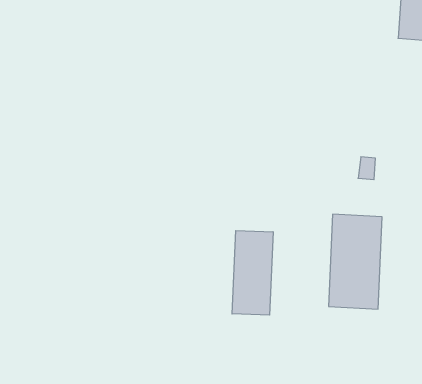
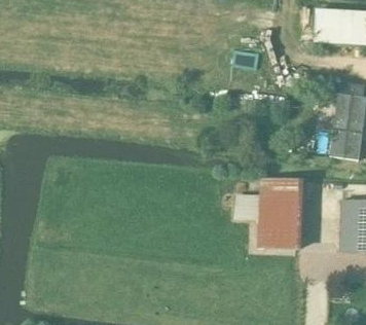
building: [232,231,273,315] -> none

